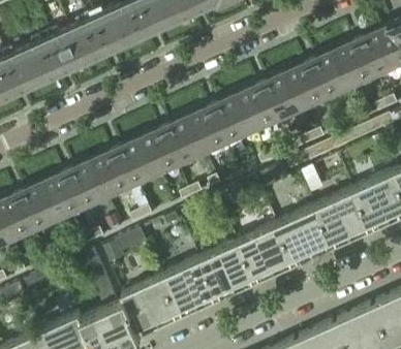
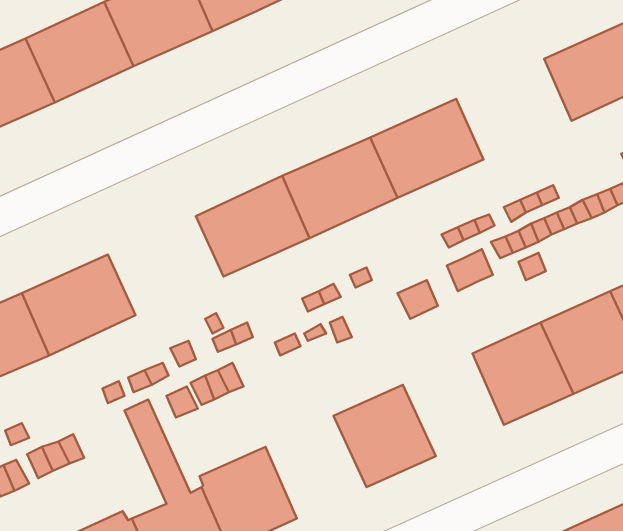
building: [267,58,332,115] -> none
building: [70,147,135,202] -> none
building: [237,224,294,282] -> none
building: [159,259,216,317] -> none

